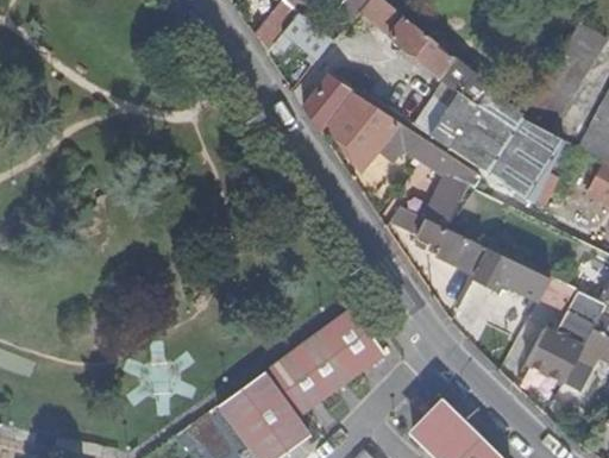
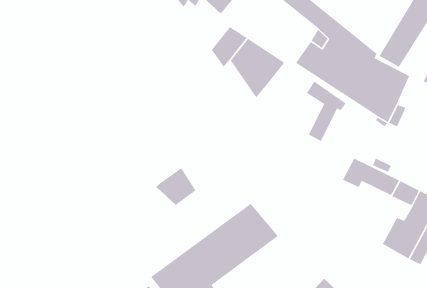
building: [378,124,437,164] -> none
building: [390,206,489,275] -> none
building: none -> [155,167,196,206]

